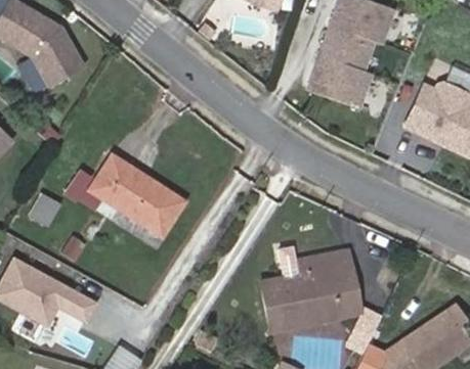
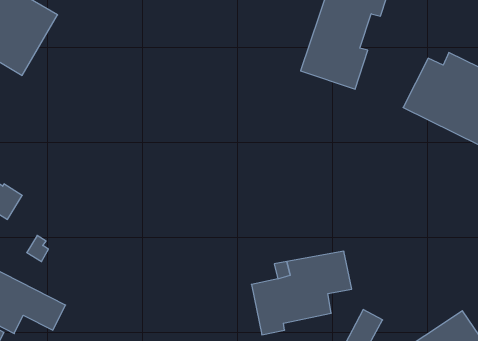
building: [90,156,183,234] -> none
building: [293,287,359,324] -> none

